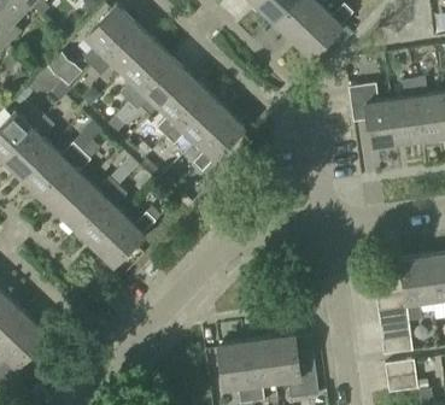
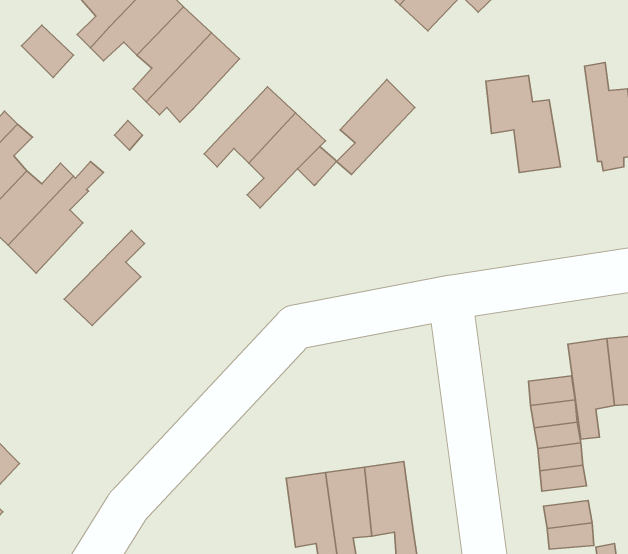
building: [156,75,206,136] -> [337,79,415,174]
building: [388,80,420,145] -> none
building: [57,177,118,230] -> none
building: [93,206,160,265] -> none

